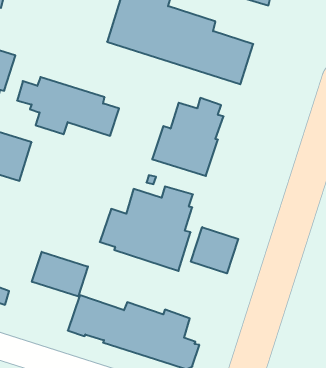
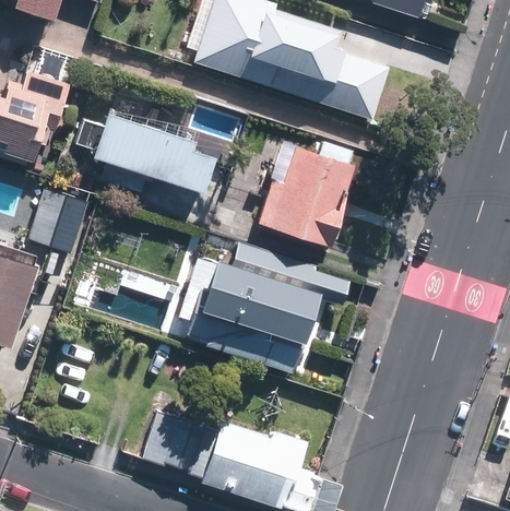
building: [191,227,238,273] -> none
building: [32,252,88,297] -> none

